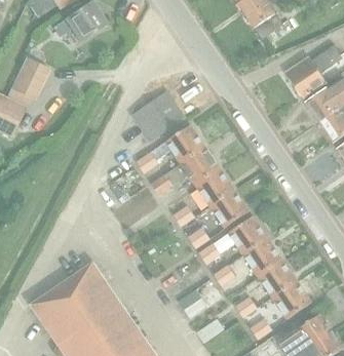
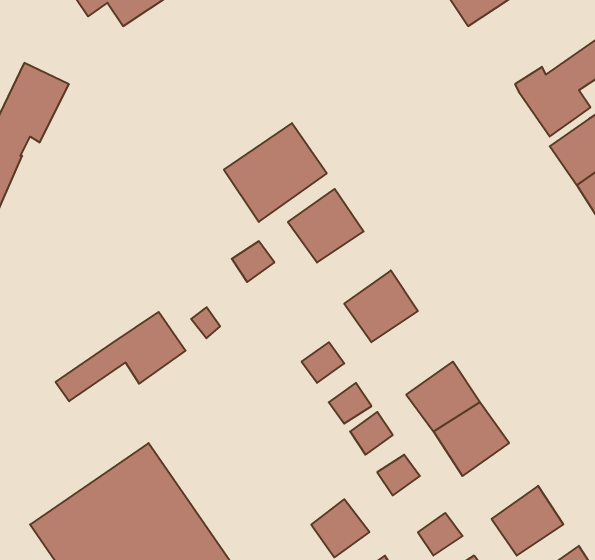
building: [151,148,220,195] -> [56,312,186,401]
building: [209,190,250,229] -> none
building: [258,260,298,300] -> none

